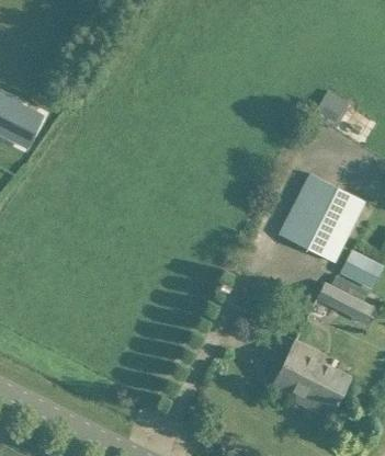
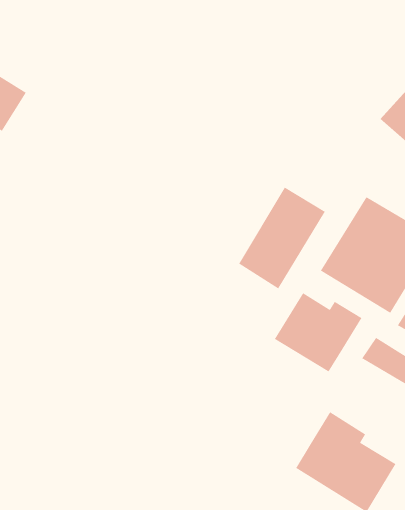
building: none -> [238,187,326,290]
building: none -> [274,292,363,372]

